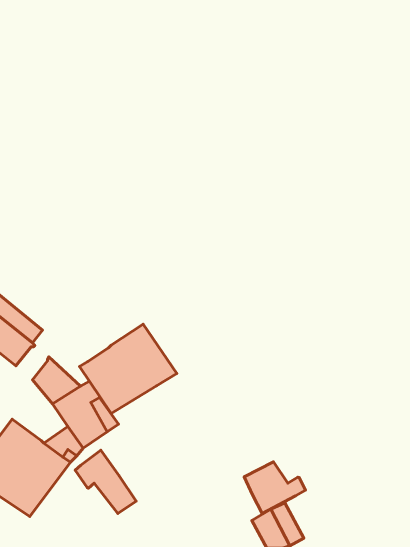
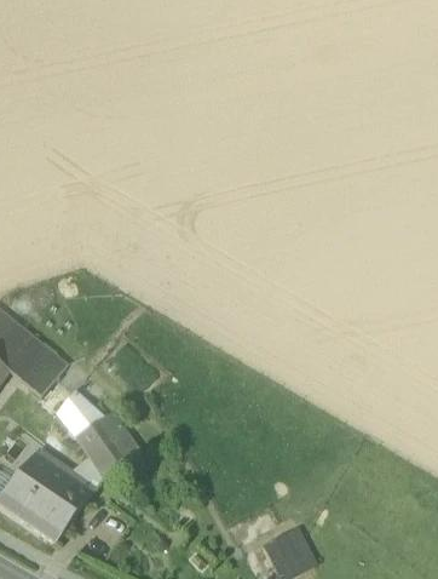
building: [80,324,177,414] -> none
building: [75,450,136,513] -> none
building: [244,462,305,514] -> none

